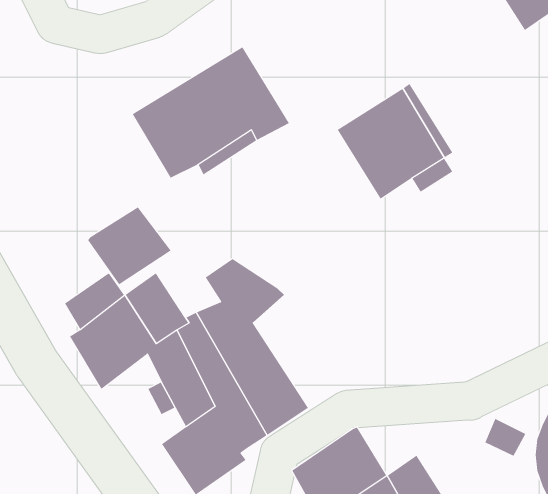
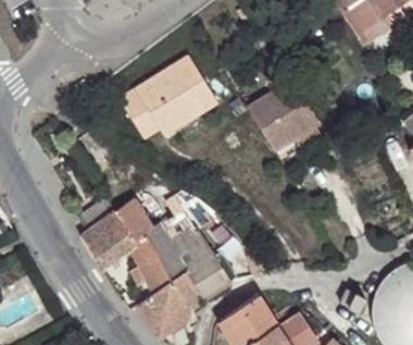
building: [87,206,171,285] -> none

